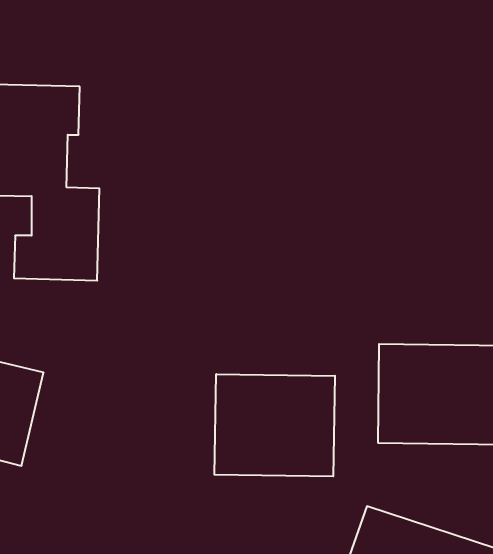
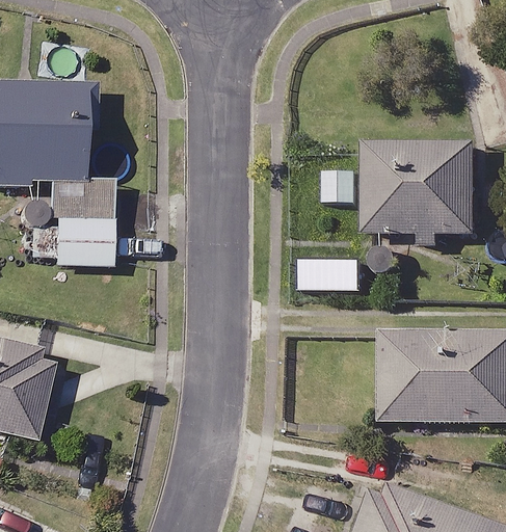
building: none -> [323,140,474,232]
building: [214,374,335,476] -> none

